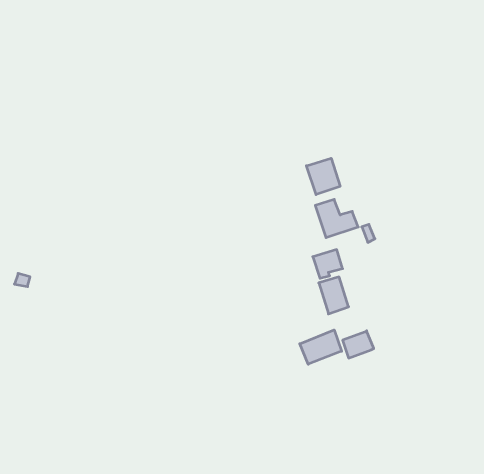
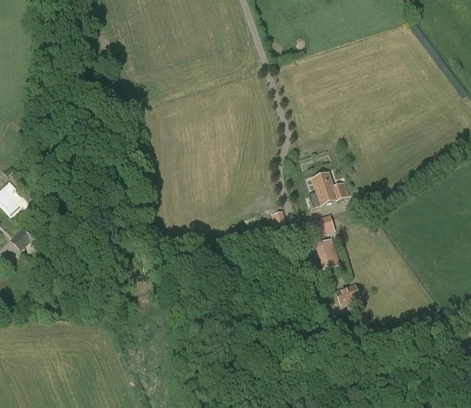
building: [306,158,340,195] -> none
building: [300,330,342,364] -> none

